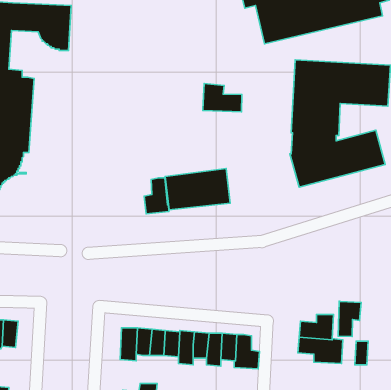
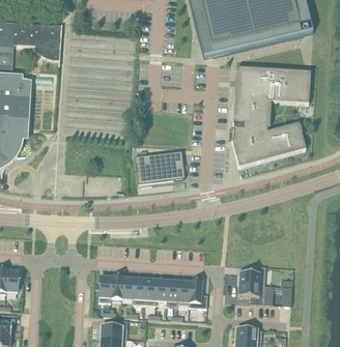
building: [203,83,242,112] -> none
building: [144,178,169,214] -> none
building: [338,301,361,336] -> none

